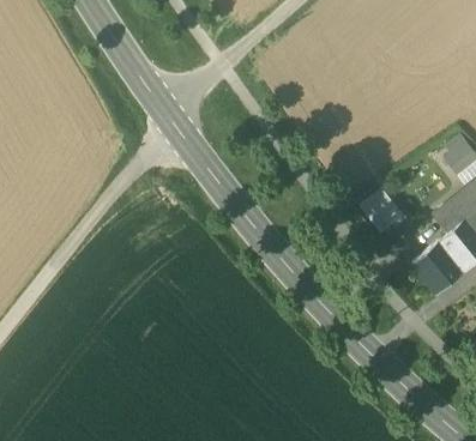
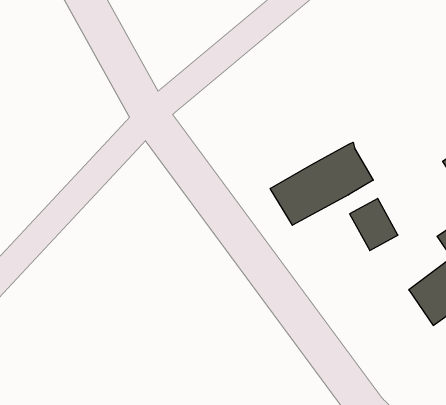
building: none -> [270,142,373,225]

